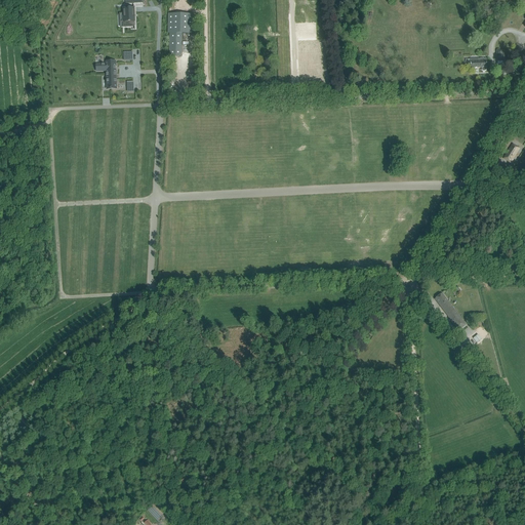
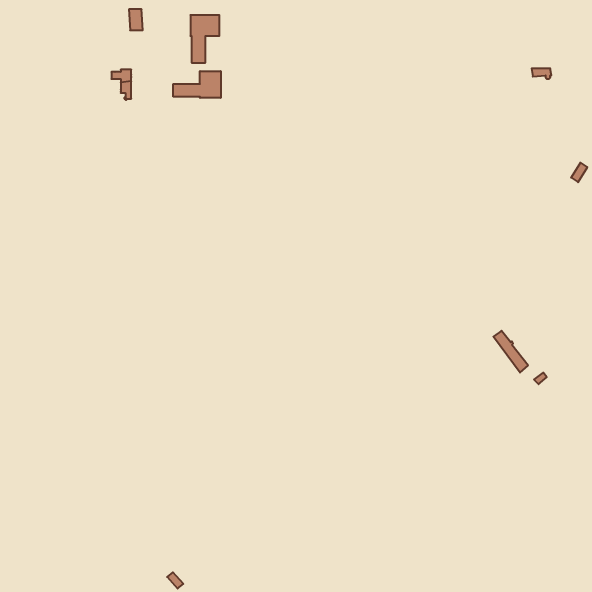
building: none -> [173,71,221,98]

